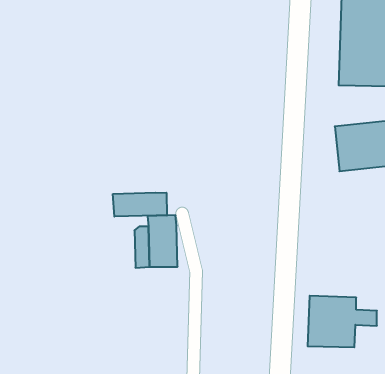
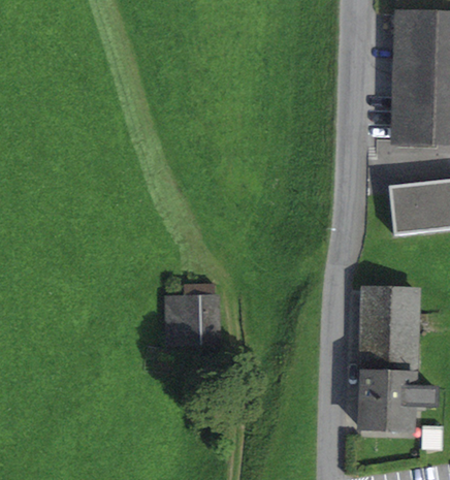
building: [113,193,167,217] -> none
building: none -> [362,291,417,376]

